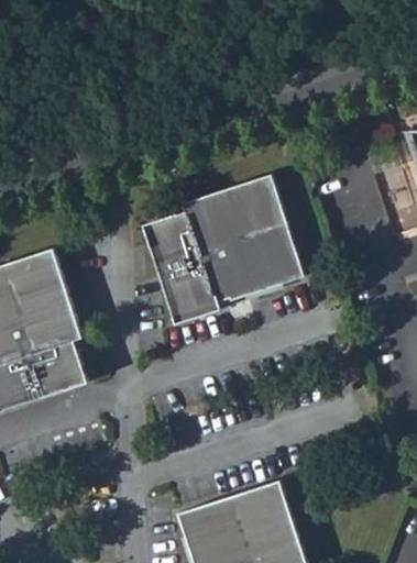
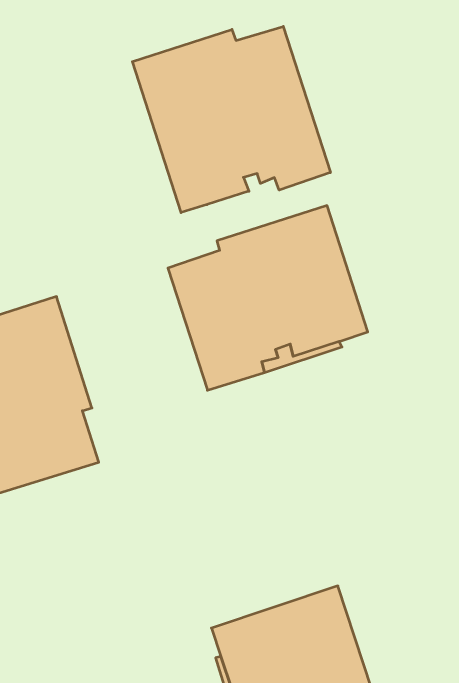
building: none -> [132,26,330,213]

